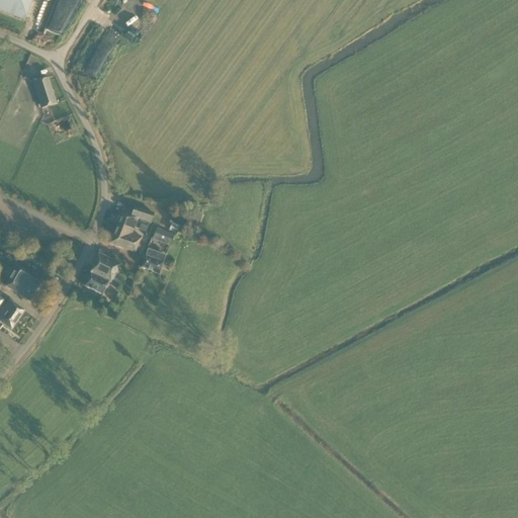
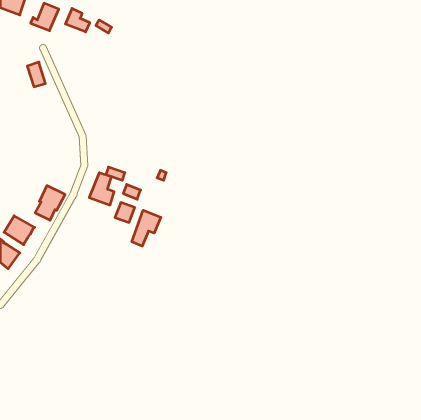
building: none -> [65,8,90,32]
building: [86,251,122,293] -> [35,186,65,220]
building: none -> [132,210,161,246]

